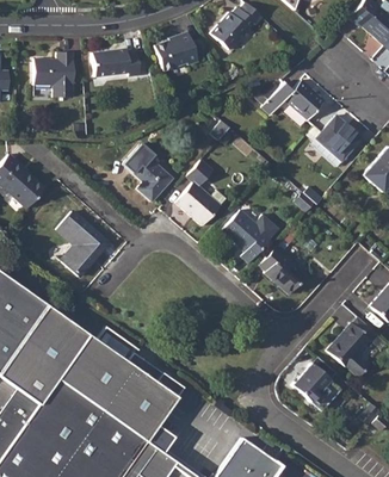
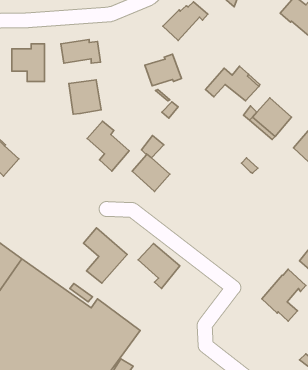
building: [155,31,198,68] -> [145,54,182,86]
building: none -> [69,80,101,114]
building: [57,211,109,275] -> [83,228,127,283]
building: [223,211,272,264] -> [138,243,180,288]
building: [260,247,308,295] -> none
building: [292,364,331,401] -> none

